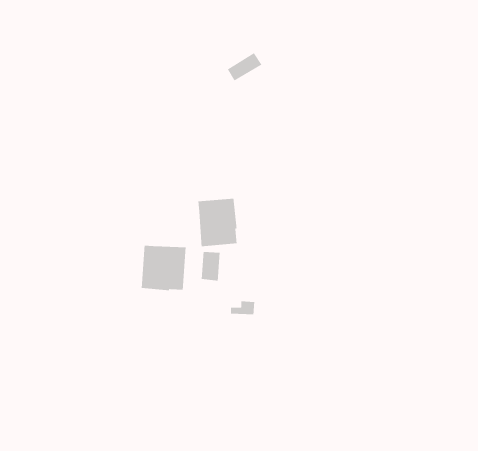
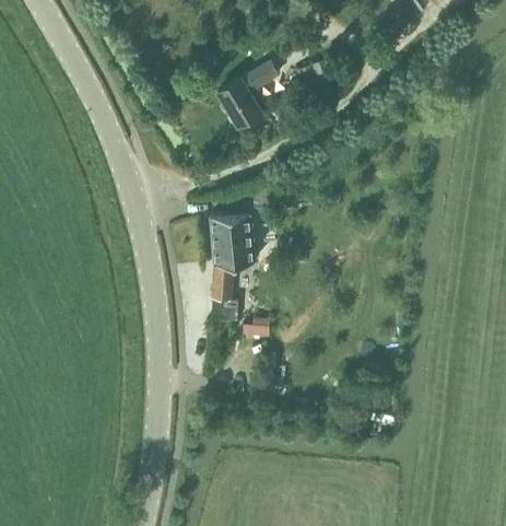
building: none -> [216,78,260,126]
building: [141,245,187,291] -> none

